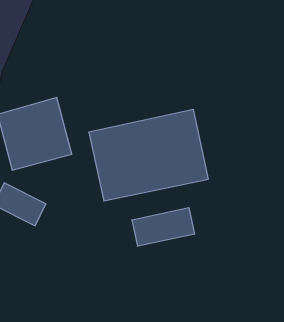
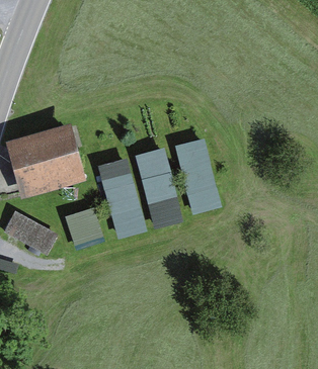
building: none -> [68,208,103,243]
building: [132,208,194,246] -> none

